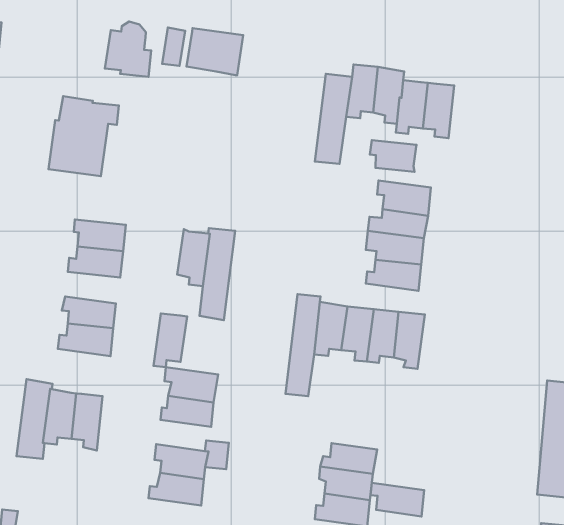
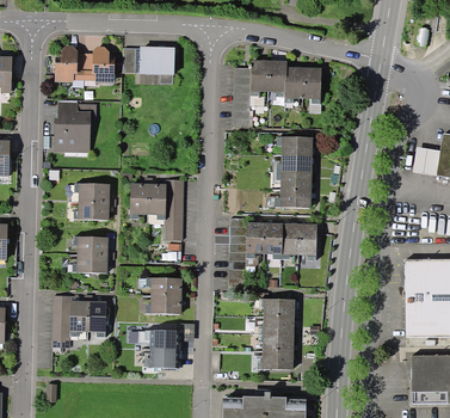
building: none -> [54,45,85,82]
building: [370,140,416,172] -> none
building: [154,314,187,367] -> [129,183,148,219]
building: [370,483,424,516] -> [258,299,294,318]

